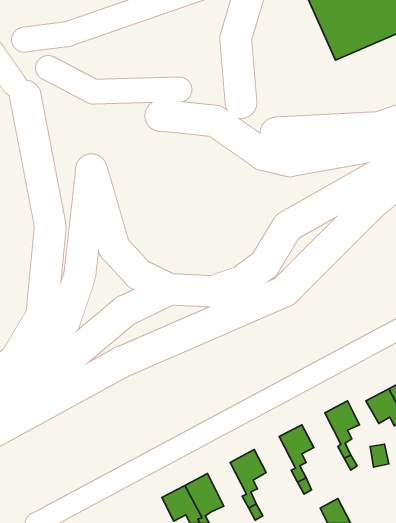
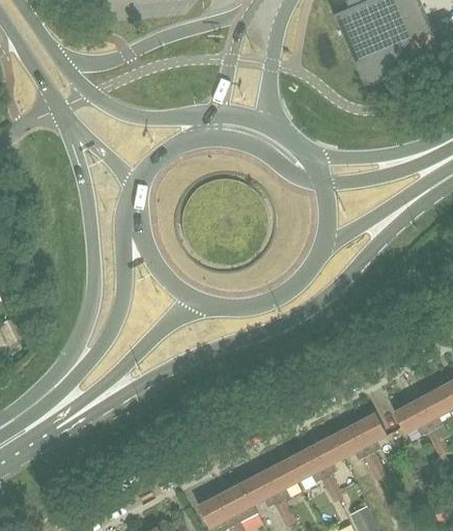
building: none -> [332,422,369,458]
building: none -> [286,445,325,481]
building: none -> [242,470,279,505]

